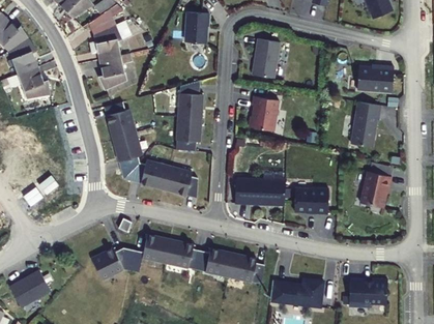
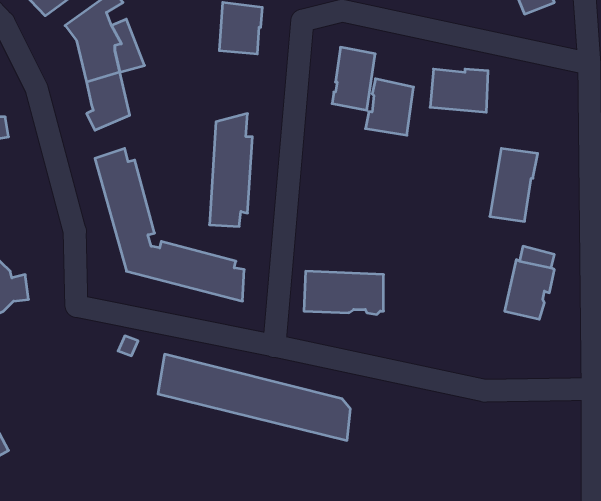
building: [357,66,394,93] -> [430,69,488,112]
building: [249,96,279,131] -> [365,79,414,135]
building: [294,189,328,214] -> none
building: [91,245,144,281] -> none
building: [270,278,324,307] -> none
building: [349,279,387,307] -> none

